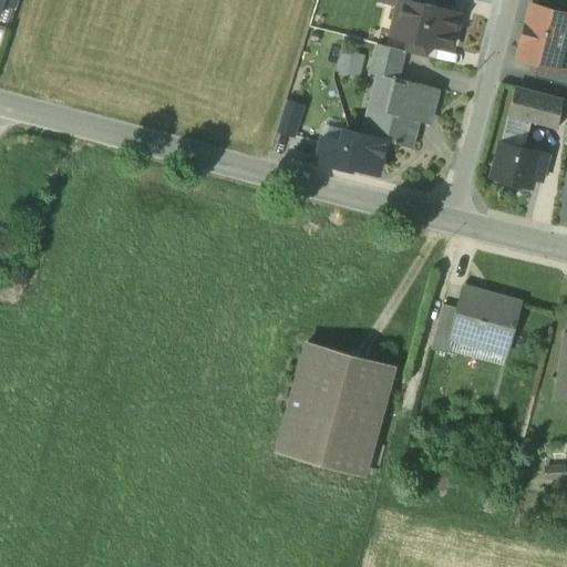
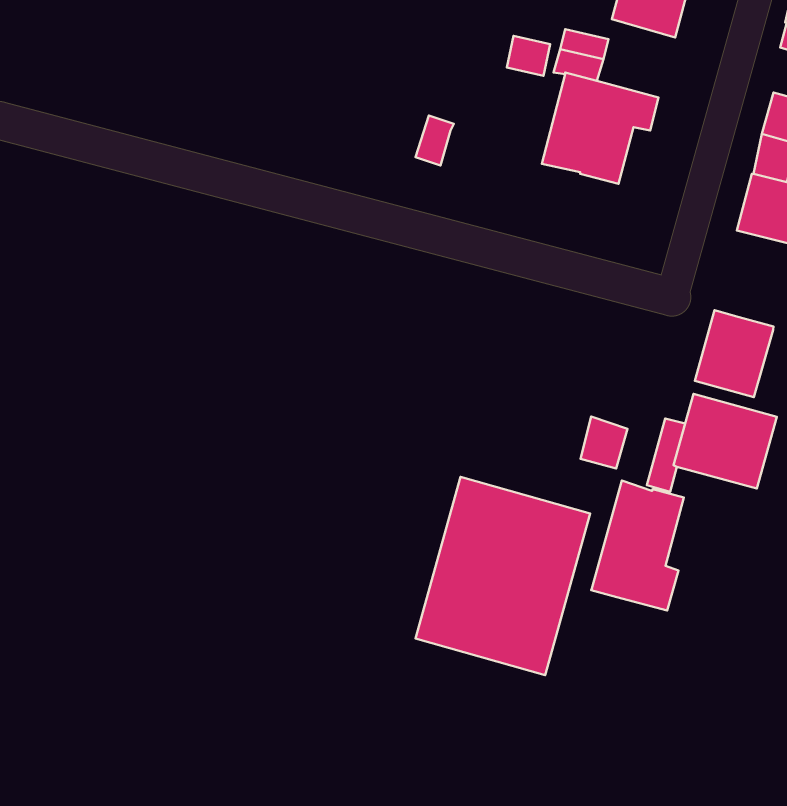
building: [318,131,388,173] -> none
building: none -> [695,310,774,397]
building: none -> [580,416,627,469]
building: none -> [591,481,684,610]

